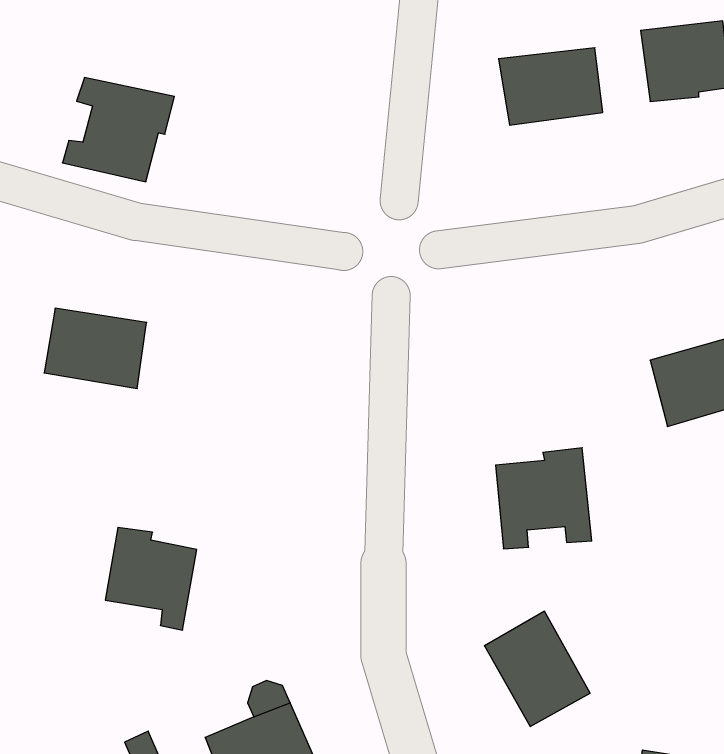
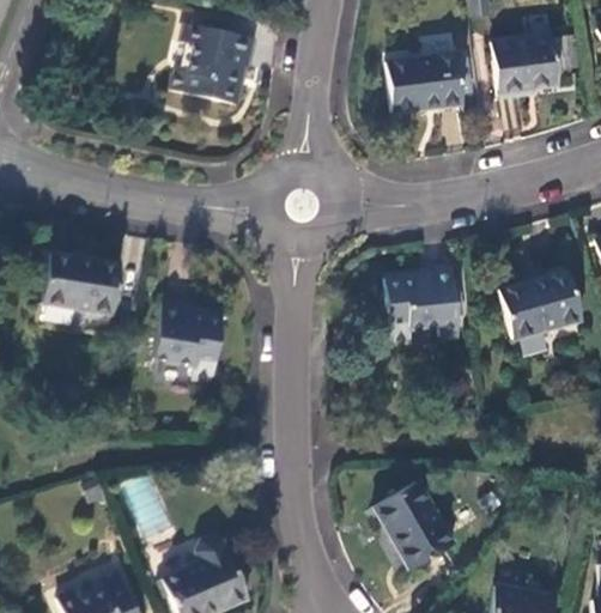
building: [62,78,174,182] -> [171,22,256,101]
building: [496,448,592,549] -> [387,265,460,341]
building: [105,527,197,630] -> [152,301,221,378]

